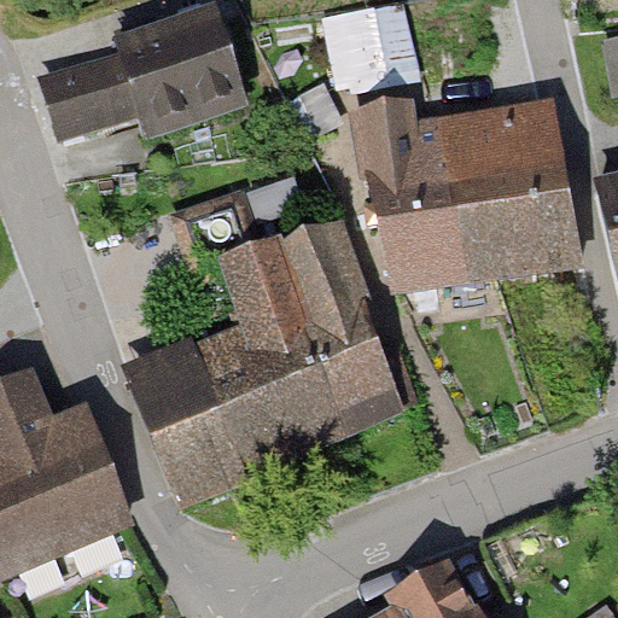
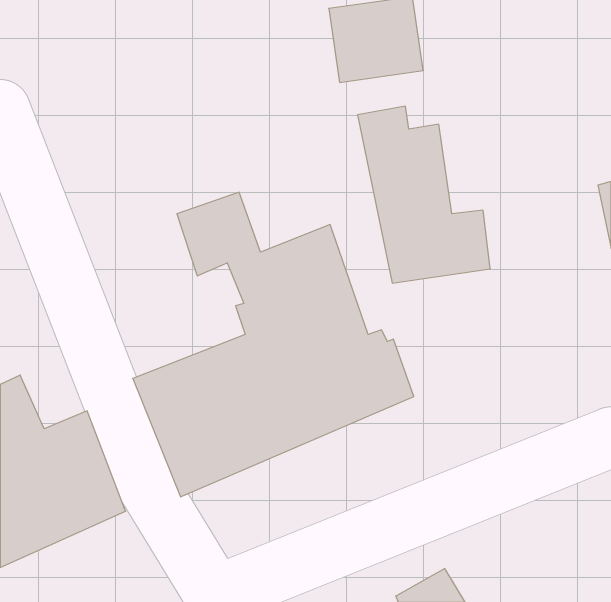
building: [43,14,246,132] -> none
building: [443,110,581,272] -> none

